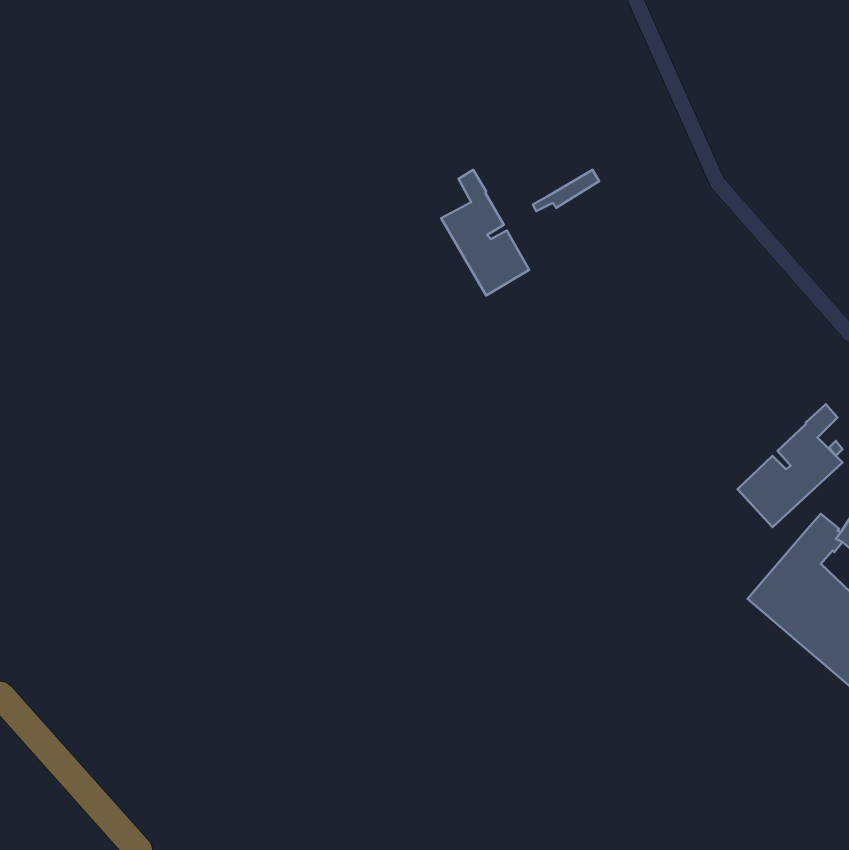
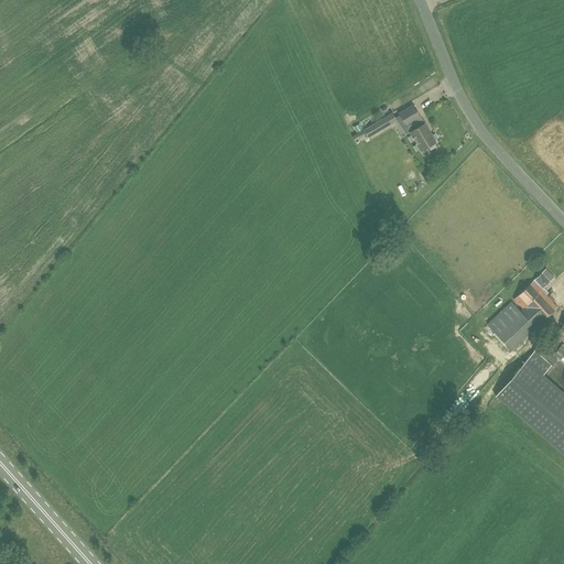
building: none -> [399,105,436,150]
building: [441,170,529,295] -> none

